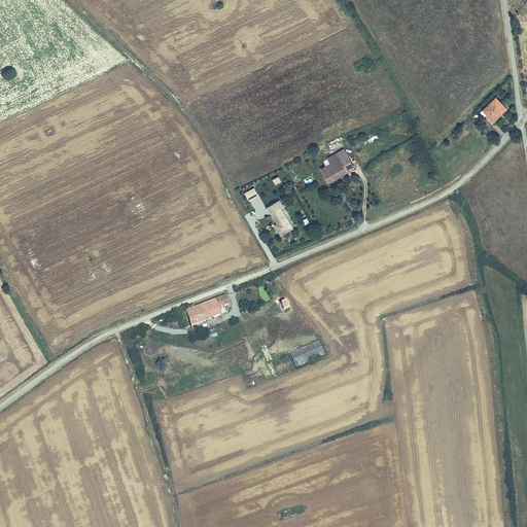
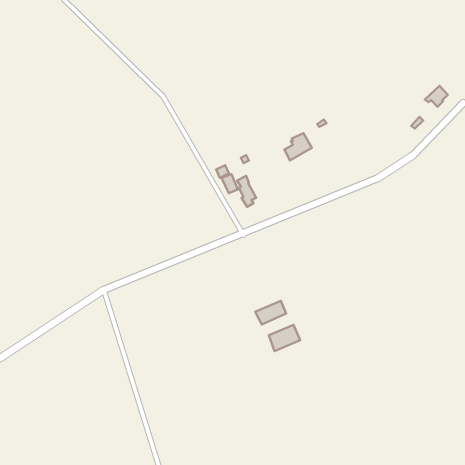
building: [185,294,230,324] -> none
building: none -> [269,325,300,351]

